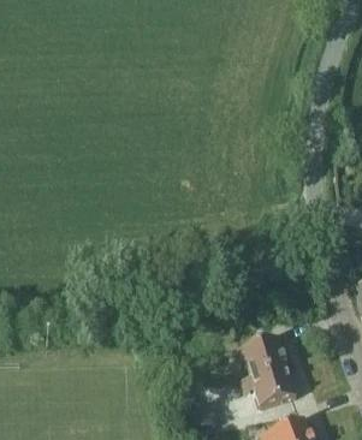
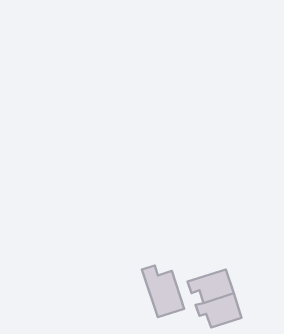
building: none -> [142,265,184,317]

